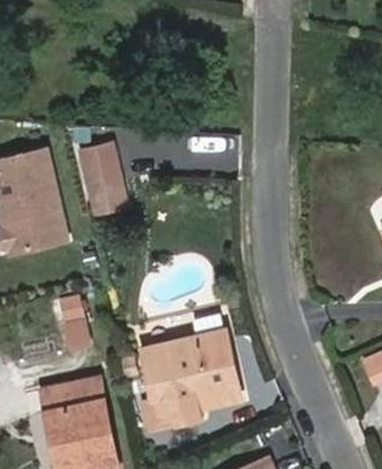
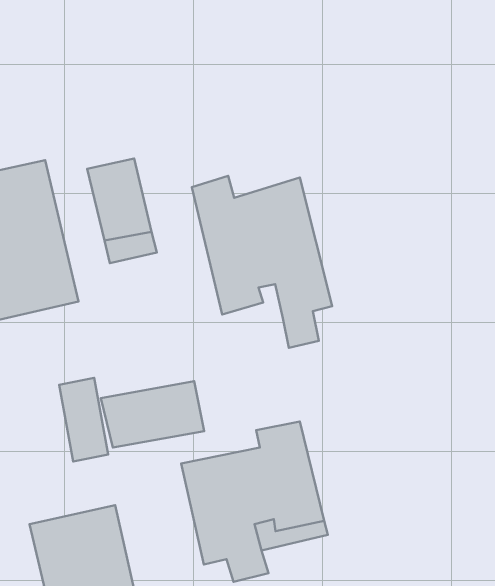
building: none -> [192,176,332,348]
building: none -> [101,381,204,447]

